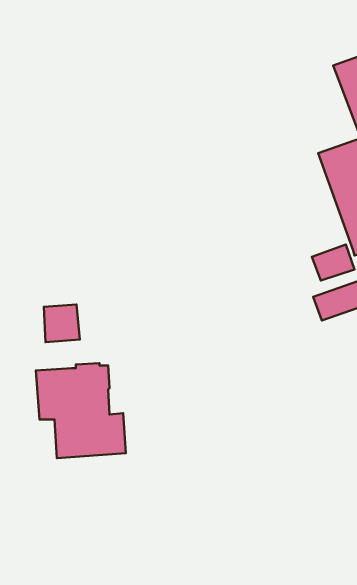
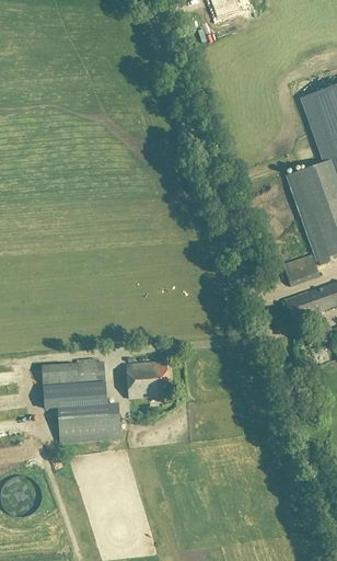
building: [44,305,80,342] -> none
building: none -> [126,362,167,398]

